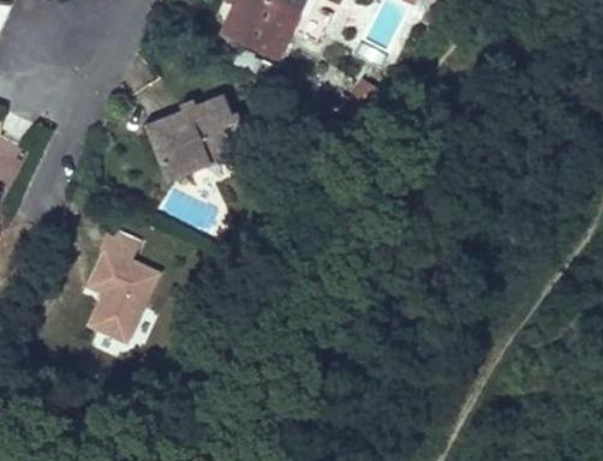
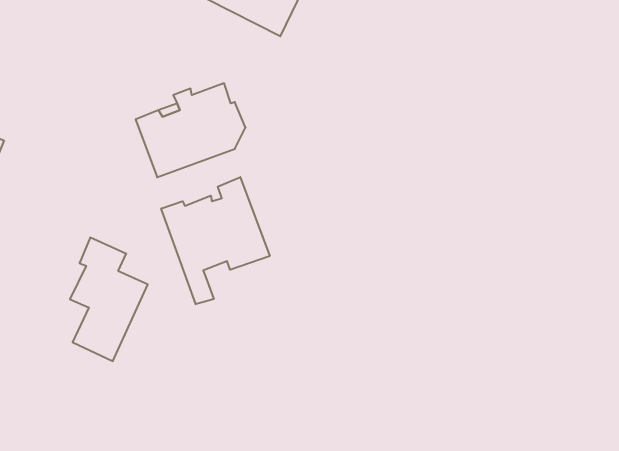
building: none -> [161,177,270,304]

